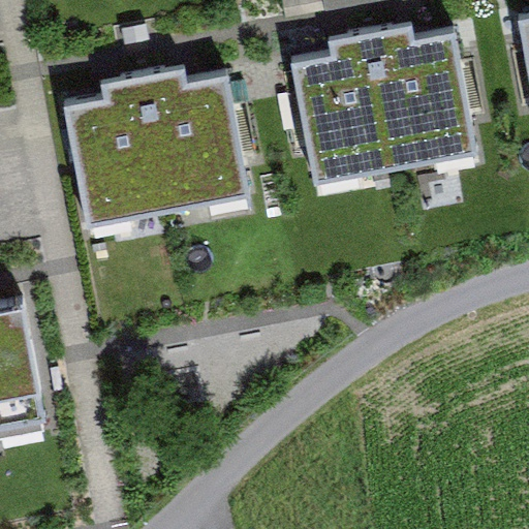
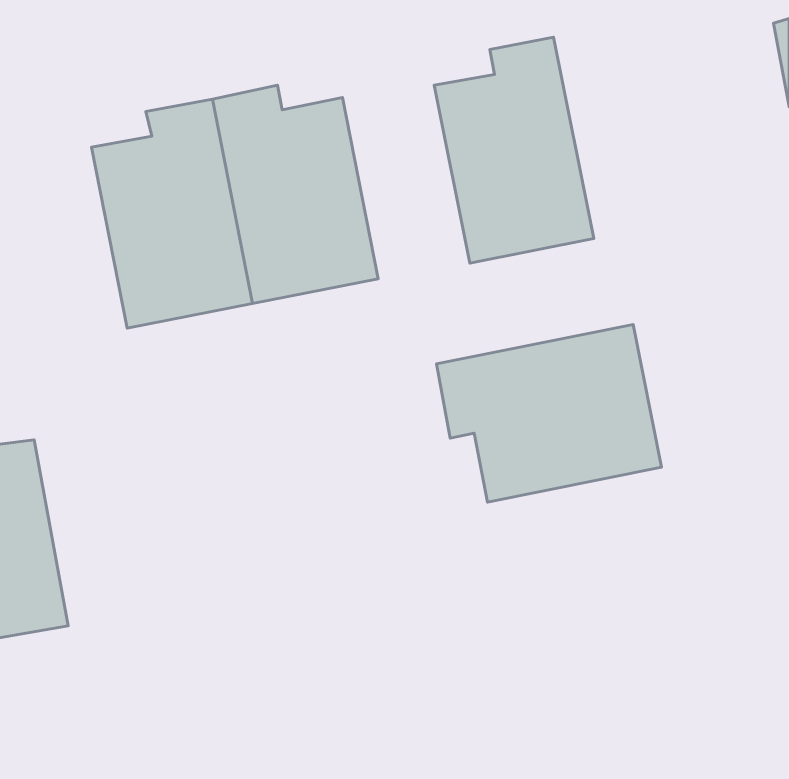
building: [369,24,478,167] -> none
building: none -> [436,325,662,502]

